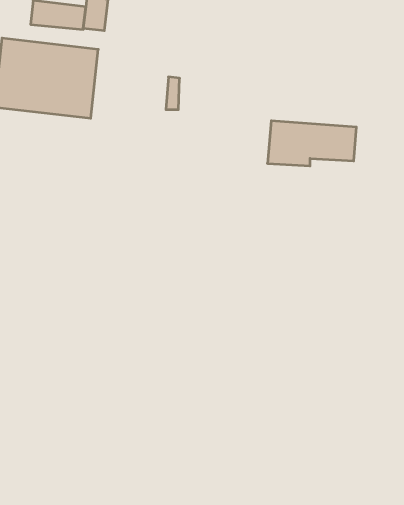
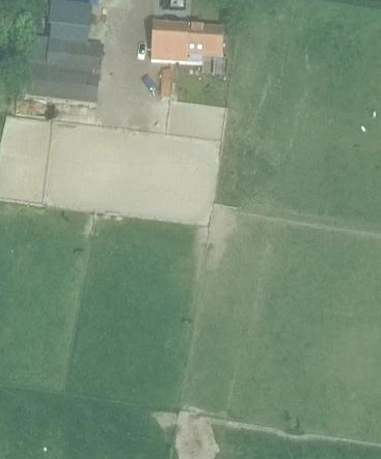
building: [267,121,356,166] -> [148,21,222,58]

